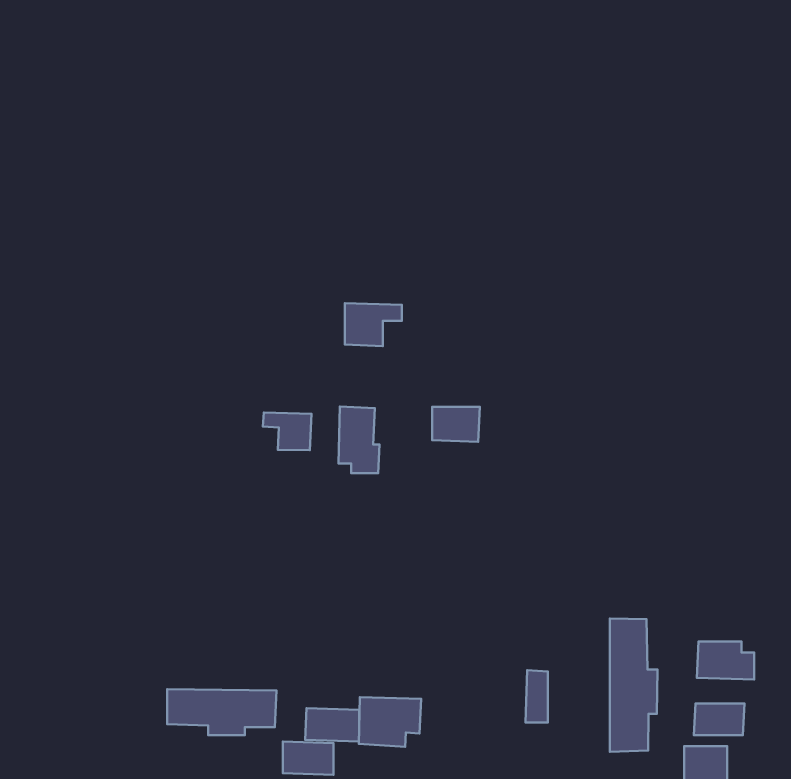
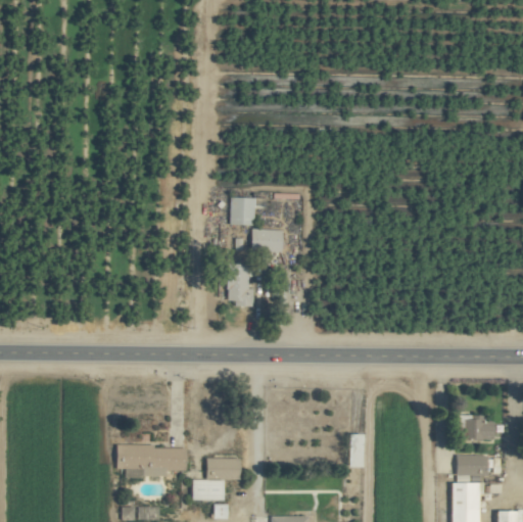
building: [432,407,480,442] -> [254,230,285,252]
building: [263,413,312,450] -> none
building: [610,619,658,752] -> none
building: [359,697,421,747] -> none

